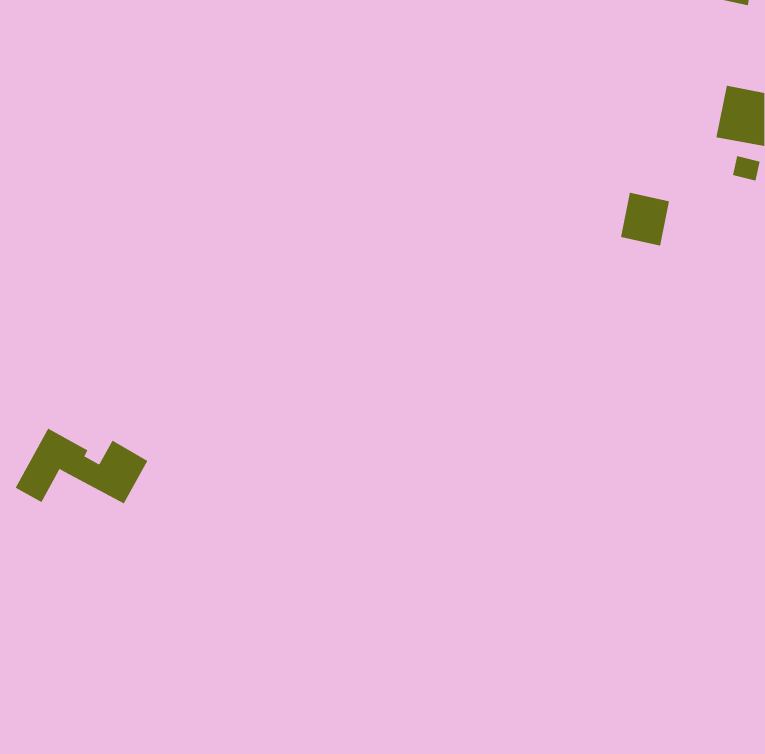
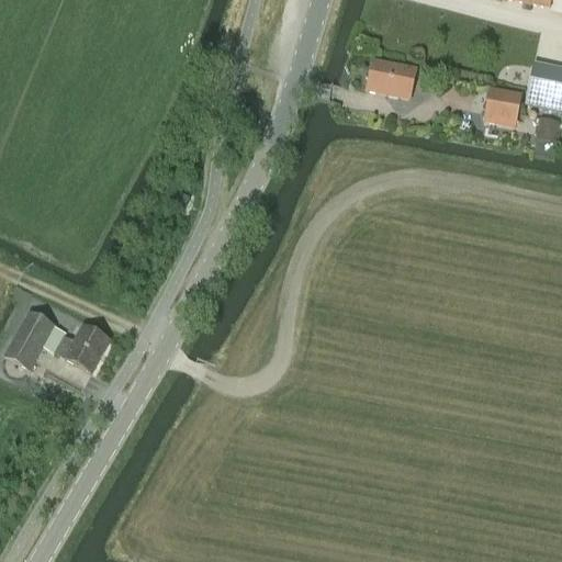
building: none -> [367,57,415,95]
building: [620,192,670,246] -> [484,87,520,126]

